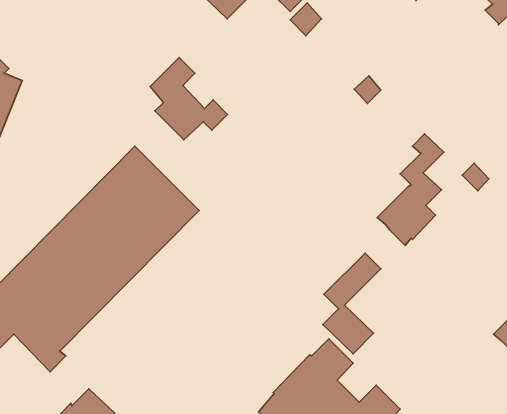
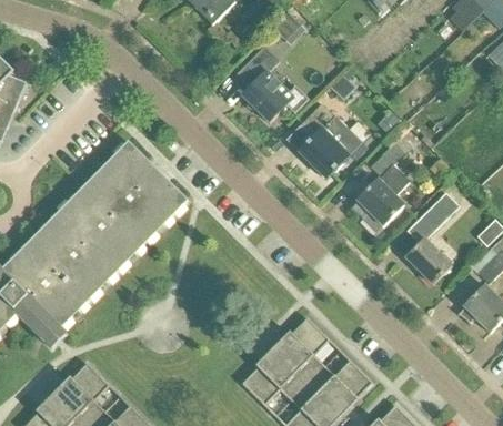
building: [150,57,228,140] -> [237,47,308,122]
building: none -> [298,103,361,178]
building: [323,253,381,354] -> [404,192,457,284]

